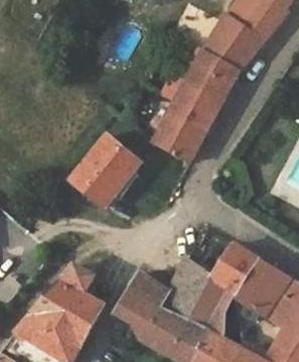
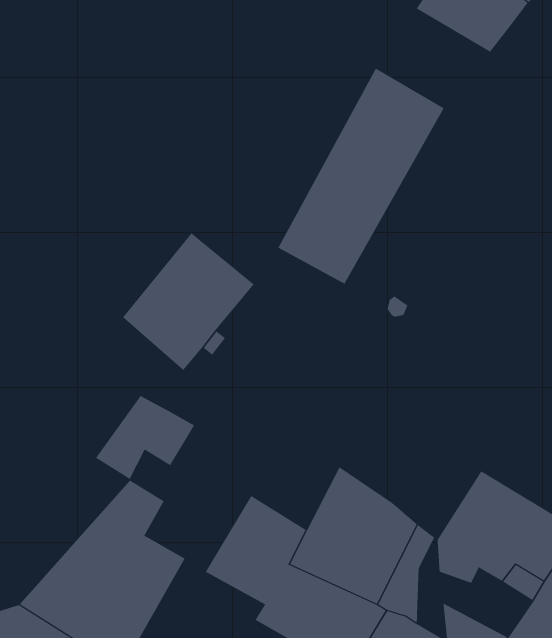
building: [203,16,264,69] -> none
building: none -> [95,395,195,480]
building: [212,243,259,295] -> none

